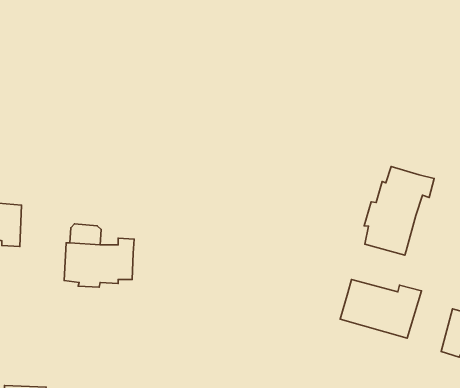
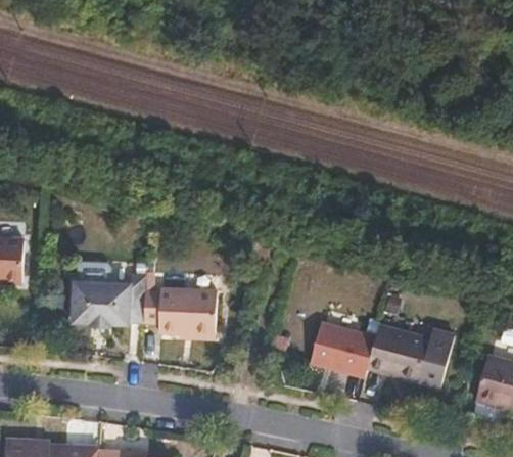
building: [364,167,434,255] -> none
building: none -> [143,289,217,334]
building: none -> [309,321,376,377]

